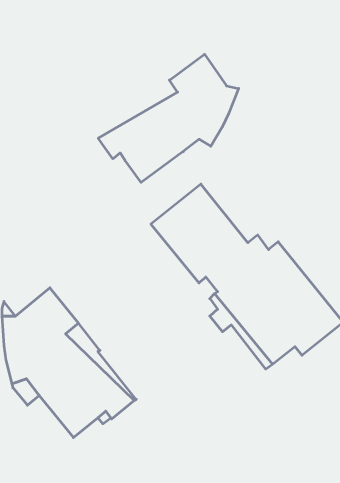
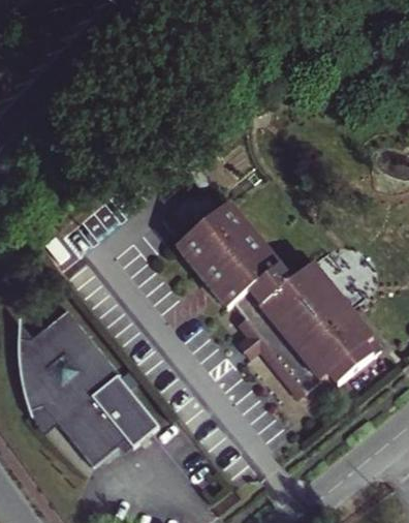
building: [98,54,239,182] -> none

